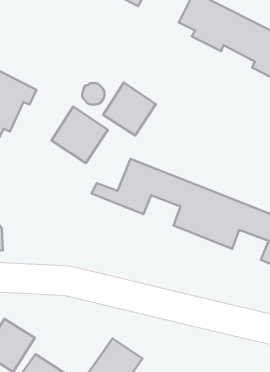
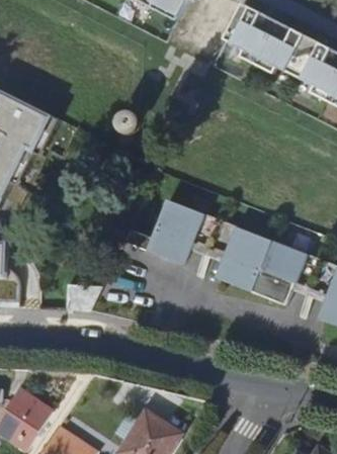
building: [103,83,156,136] -> none
building: [51,107,108,163] -> none

